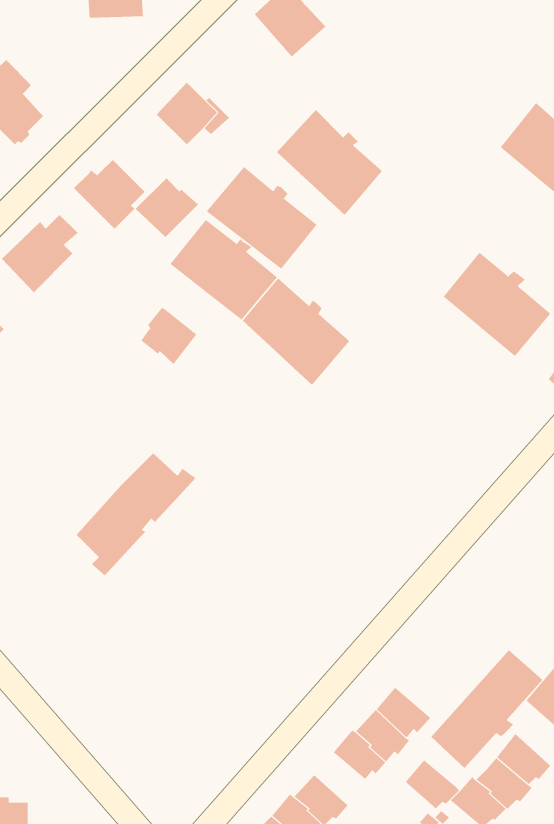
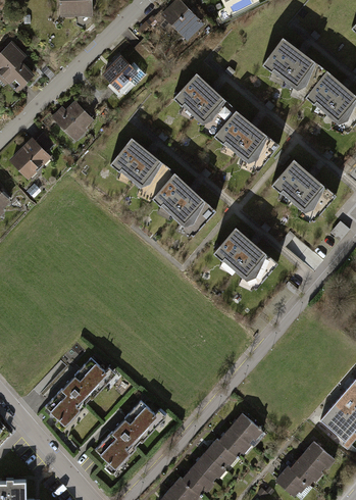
building: none -> [260,34,325,93]
building: [206,166,318,269] -> [212,107,278,168]
building: [135,177,199,238] -> none
building: [141,307,197,365] -> none
building: none -> [211,223,276,286]
building: [76,452,196,576] -> [45,358,116,432]
building: [430,650,543,769] -> none
building: none -> [95,401,166,474]
building: [405,759,460,809] -> [194,452,226,482]

